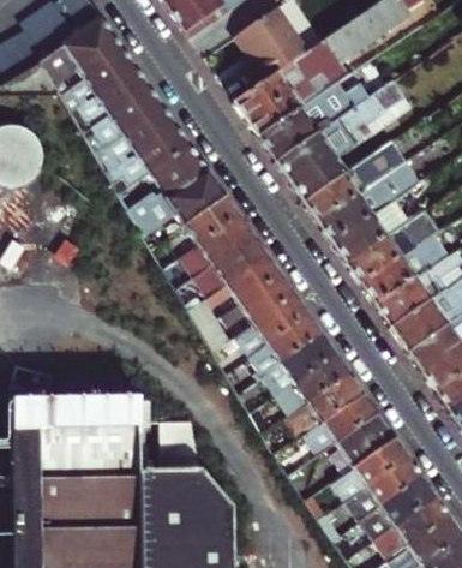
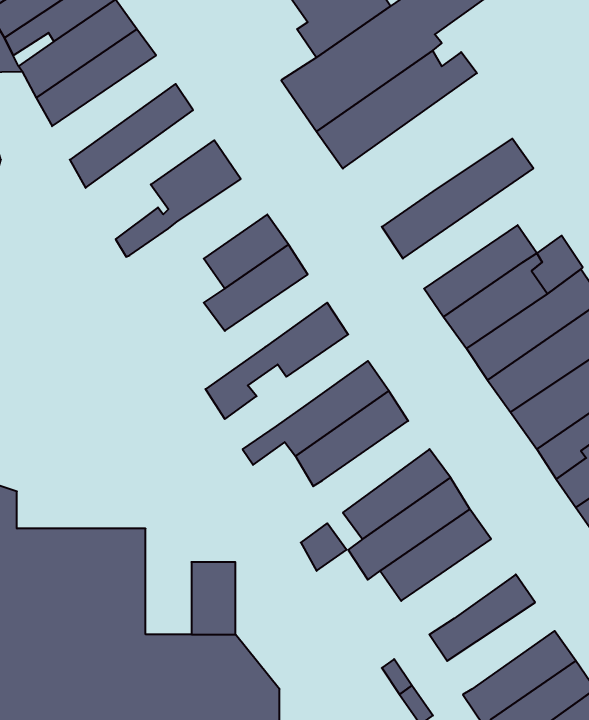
building: [277,80,412,201] -> none
building: [79,84,163,155] -> none
building: [102,121,190,186] -> none
building: [318,161,421,243] -> none
building: [132,168,226,237] -> none
building: [197,233,266,283] -> none
building: [197,274,294,352] -> none
building: [263,333,336,395] -> none
building: [336,413,395,467] -> none
building: [344,456,421,520] -> none

